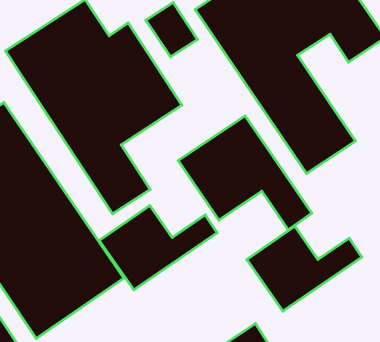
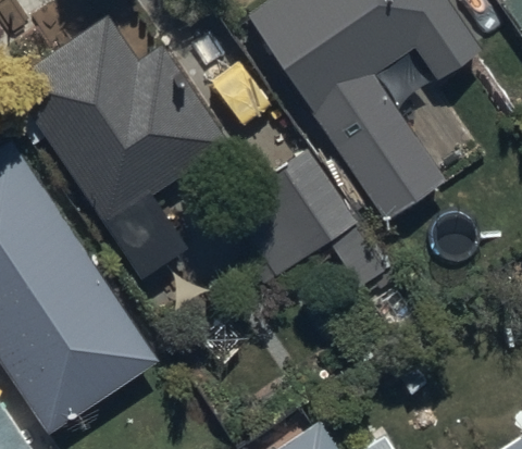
building: [99,205,217,290] -> none
building: [247,226,362,311] -> none

